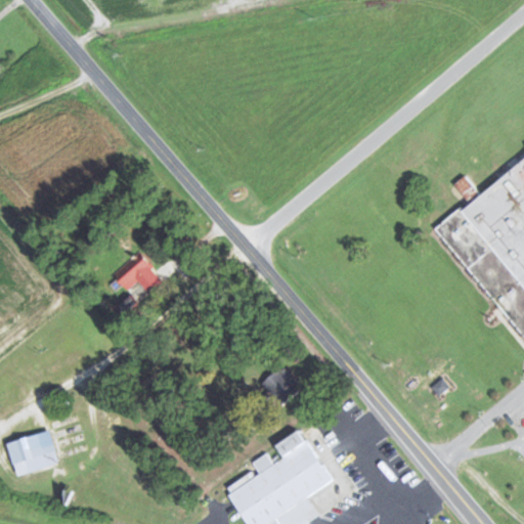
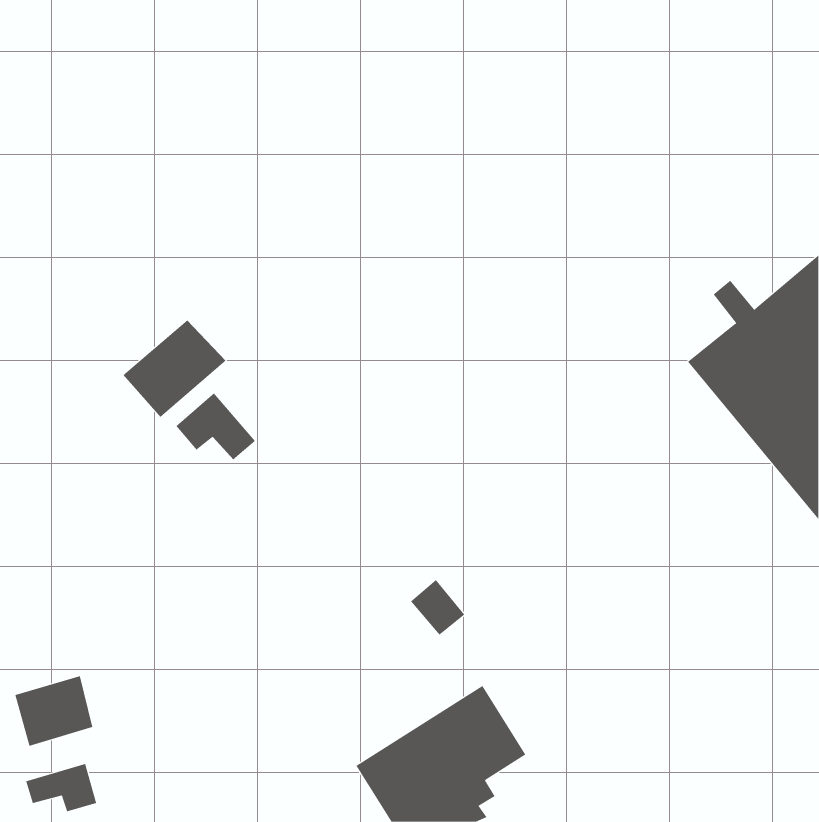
building: none -> [122,319,226,418]
building: none -> [26,763,97,812]

